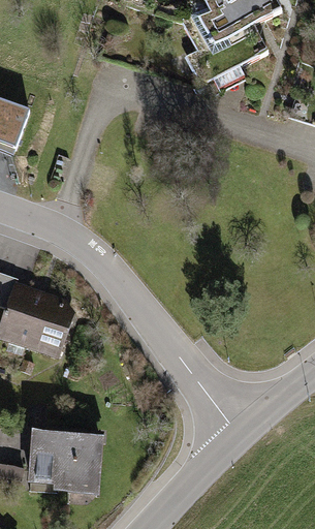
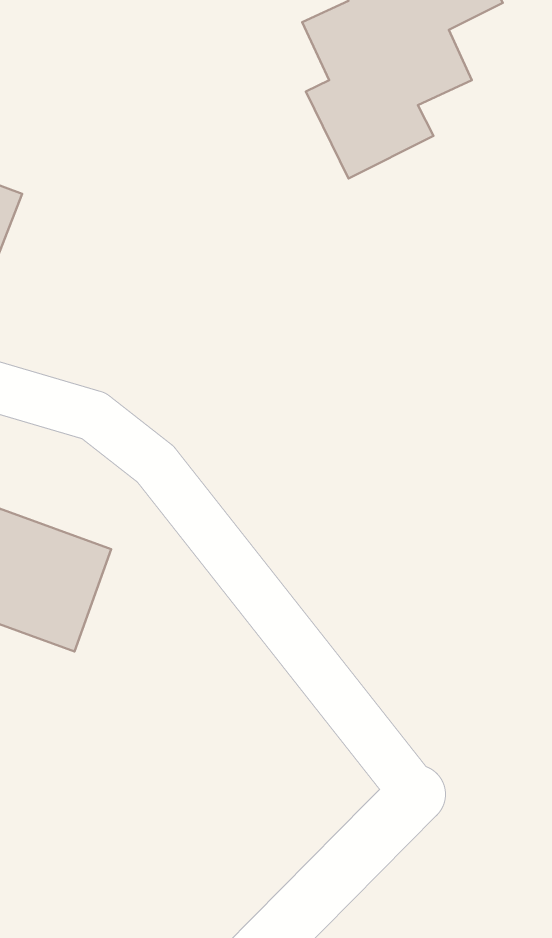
building: [27,429,102,492] -> none

